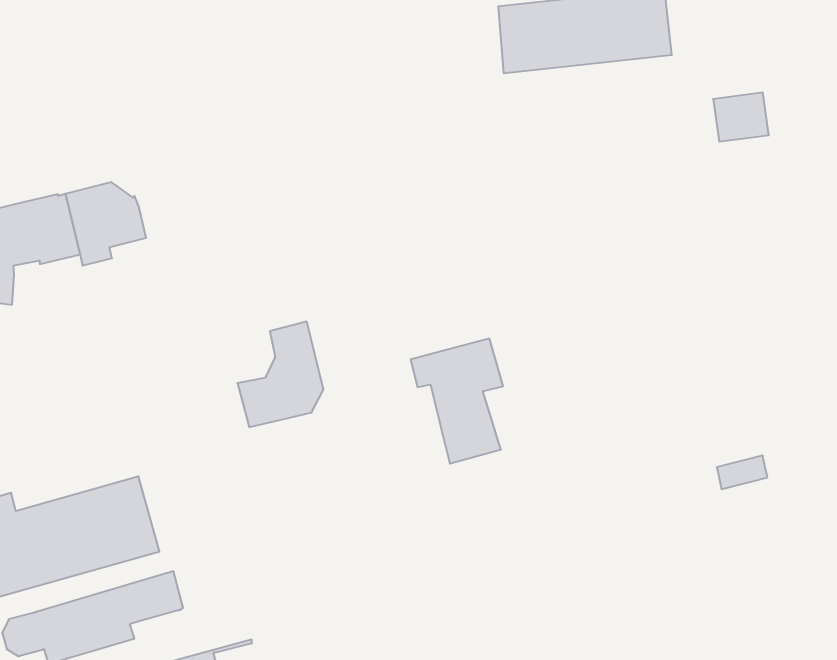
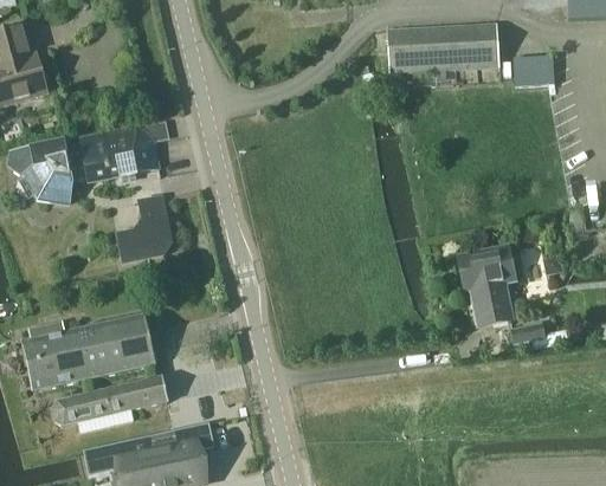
building: [713,93,769,141] -> [512,56,547,85]
building: [237,322,323,427] -> [117,196,172,261]
building: [411,339,503,464] -> [457,248,515,326]

